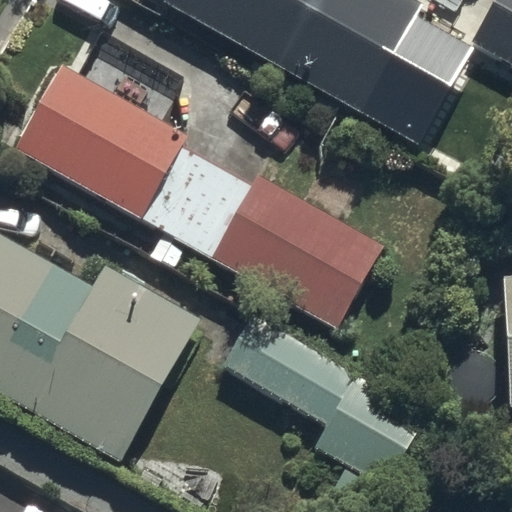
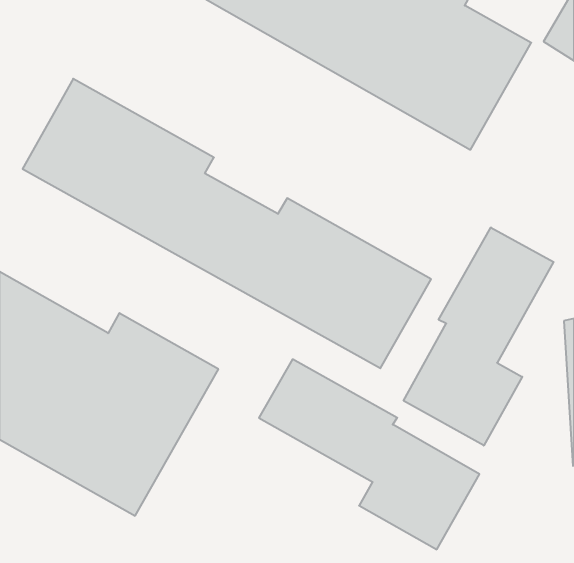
building: none -> [404,227,554,446]

